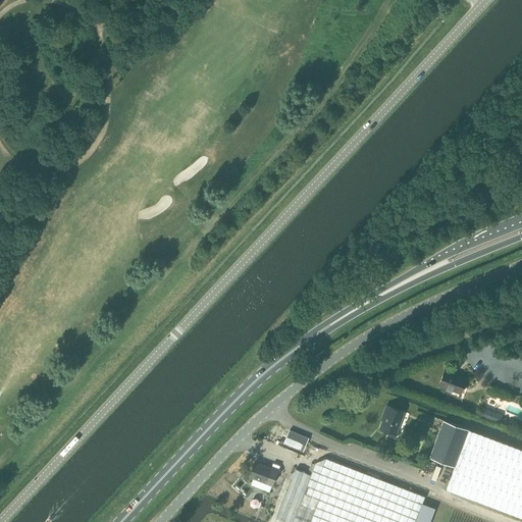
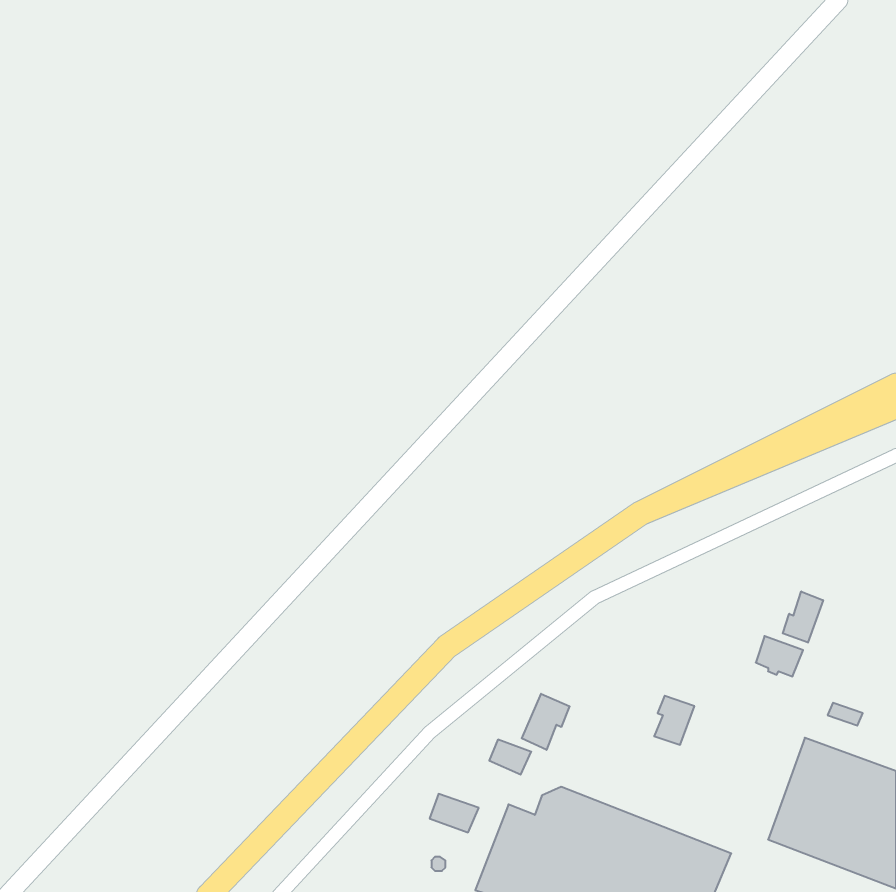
building: none -> [783,591,823,643]
building: none -> [522,694,570,750]
building: [430,422,468,468] -> none

